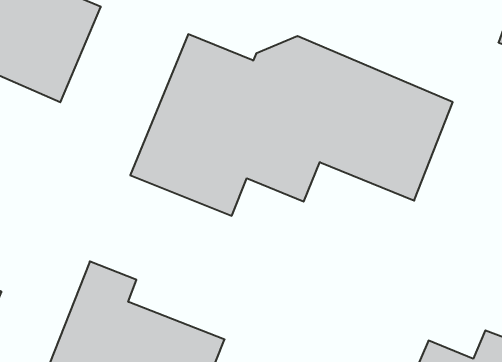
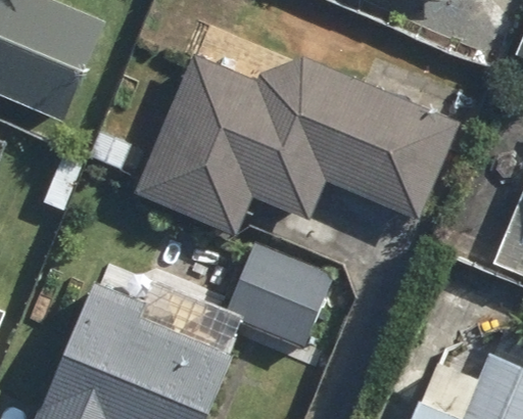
building: none -> [220,249,324,350]

